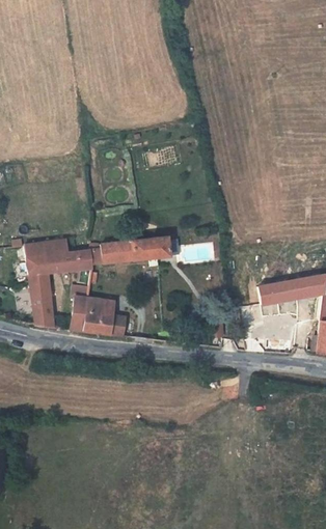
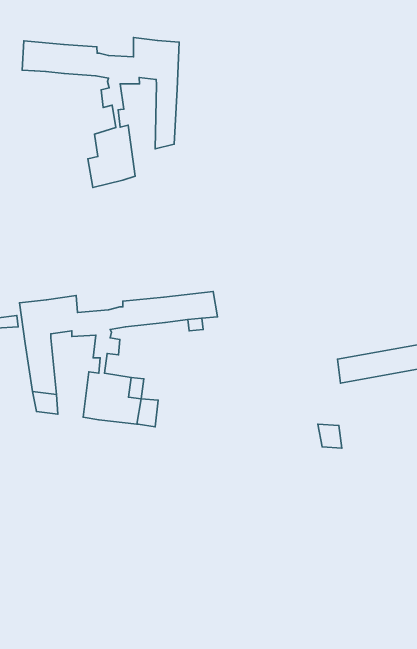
building: none -> [22,38,179,187]

